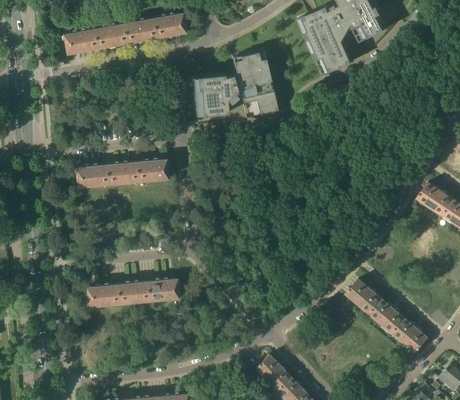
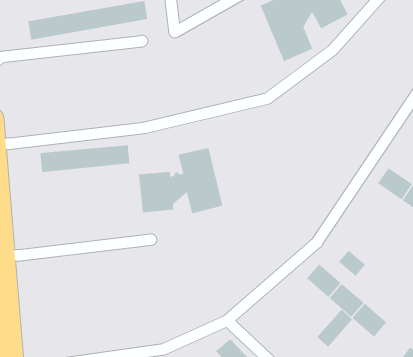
building: [193,50,279,117] -> [138,148,223,214]
building: none -> [338,250,366,277]
building: [87,279,179,306] -> none
building: none -> [317,309,353,347]

